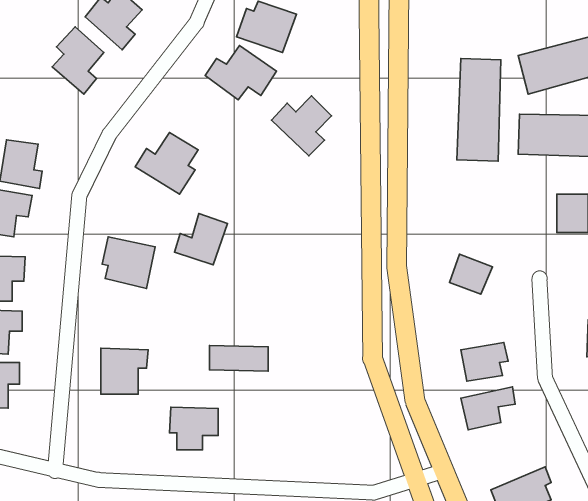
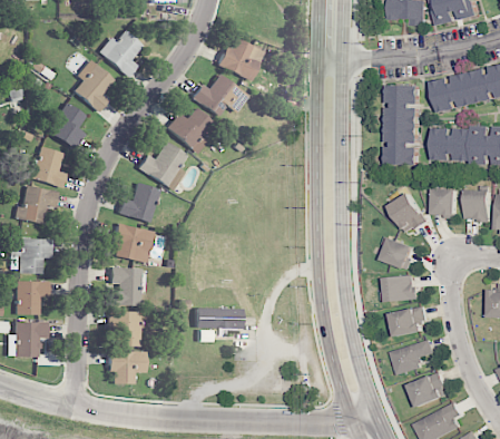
building: none -> [48,103,86,147]
building: [272,96,332,156] -> [166,107,213,154]
building: none -> [432,188,457,215]
building: none -> [390,192,428,233]
building: [175,214,227,265] -> [117,182,158,222]
building: none -> [109,266,140,305]
building: none -> [385,274,415,301]
building: [170,407,218,450] -> [107,350,145,383]
building: none -> [409,371,449,406]

